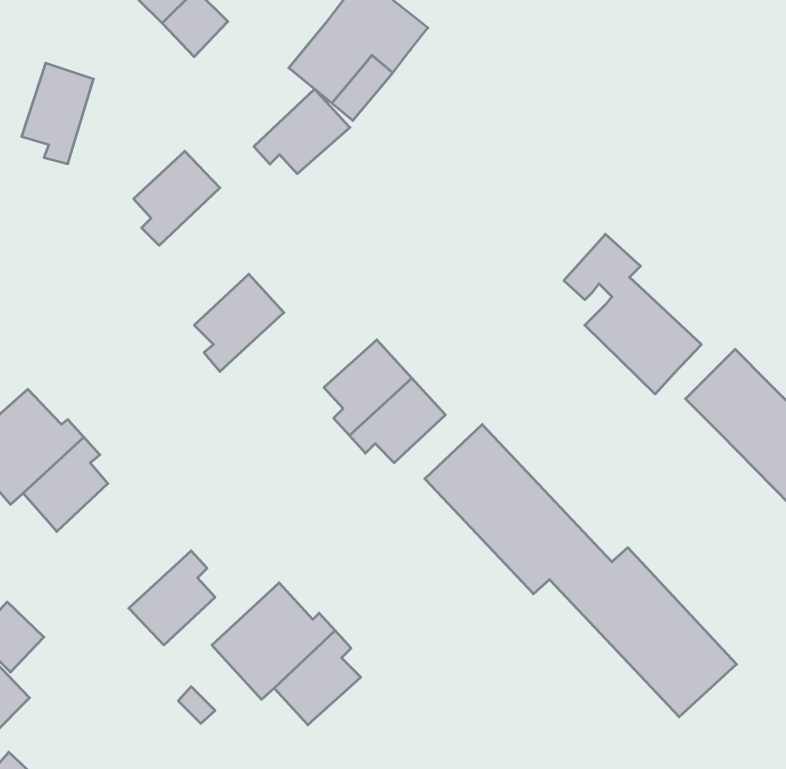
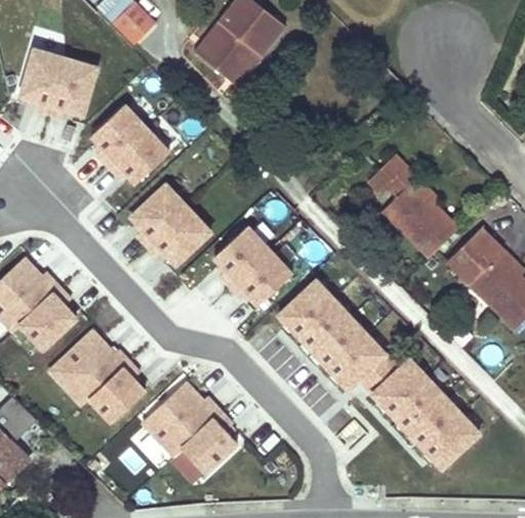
building: none -> [50,57,97,117]
building: [254,89,350,174] -> [109,127,170,182]
building: none -> [148,207,211,263]
building: none -> [50,329,129,403]

